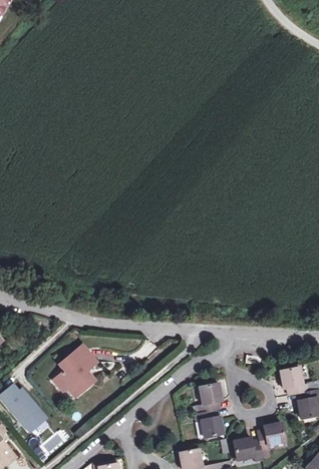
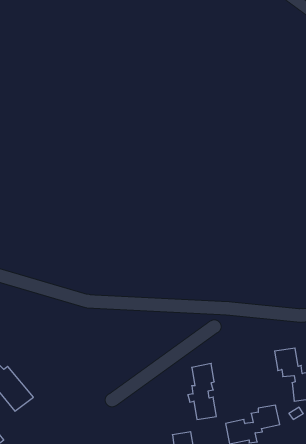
building: [54,346,95,395] -> none

